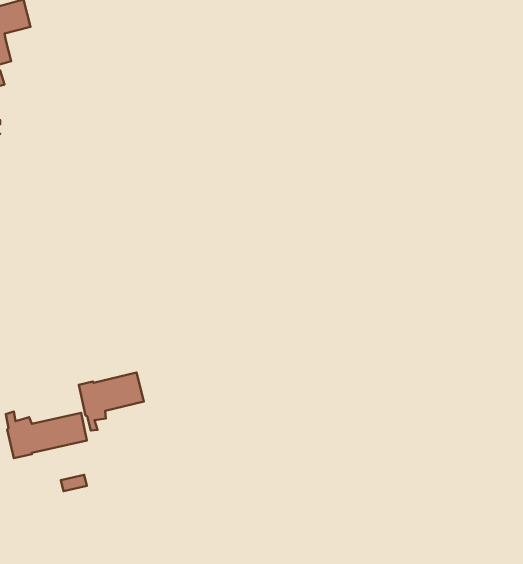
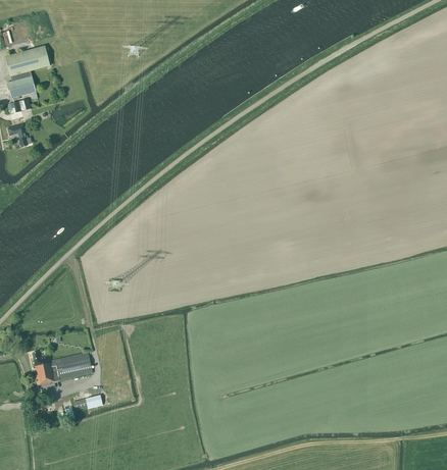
building: [79,373,144,431] -> none

